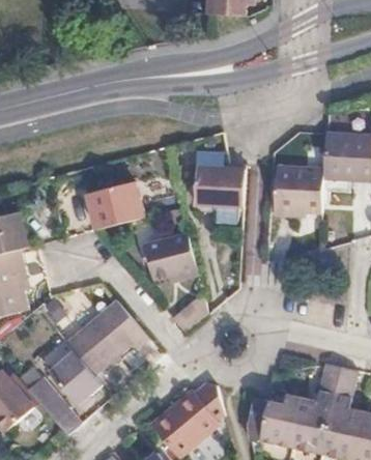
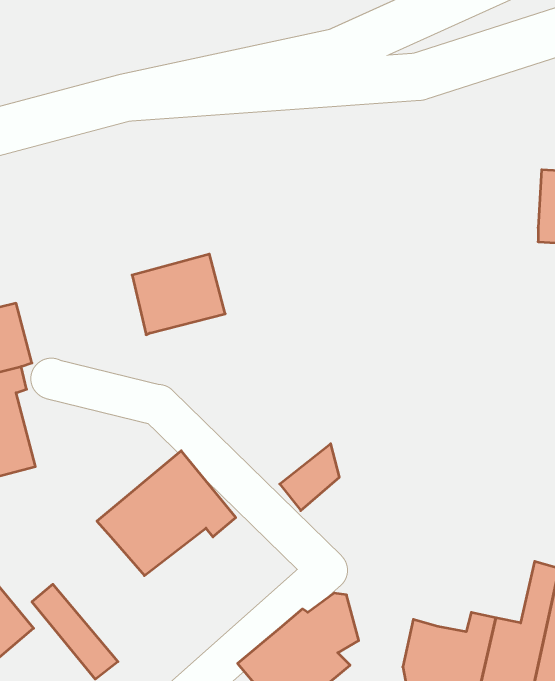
building: [190,163,242,204] -> none
building: [277,165,326,209] -> none
building: [145,232,197,280] -> none
building: [48,349,102,403] -> none

